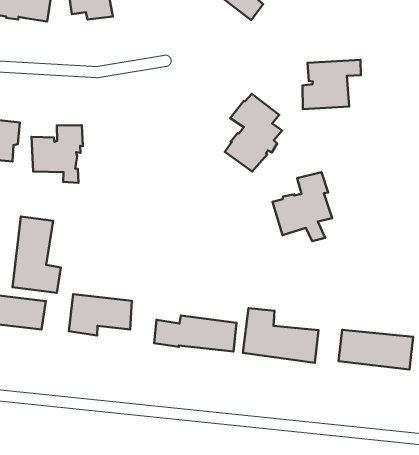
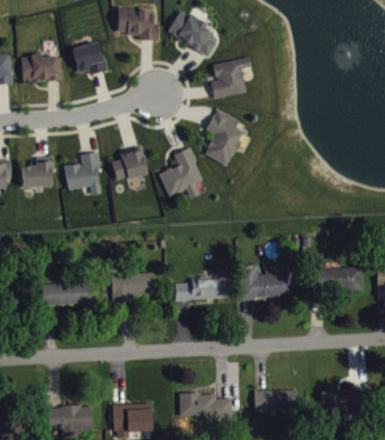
building: [303,60,361,109] -> [210,56,251,98]
building: none -> [111,145,146,179]
building: [273,172,332,241] -> [158,147,203,198]
building: [13,216,61,293] -> none

